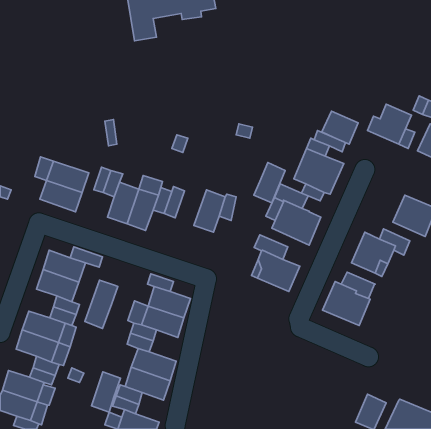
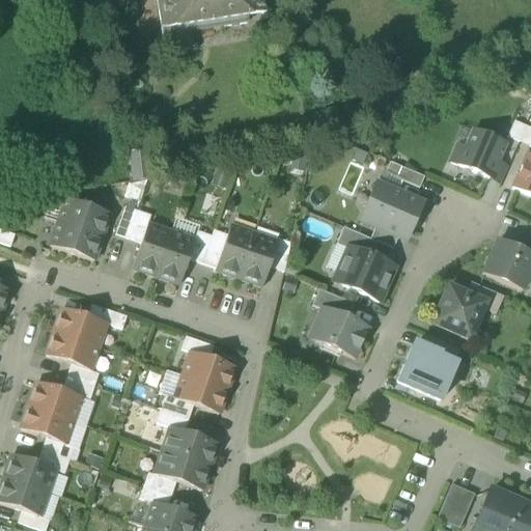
building: [322,111,358,144] -> none
building: [254,162,285,203] -> none
building: none -> [217,225,255,276]
building: [85,280,118,329] -> none
building: [91,372,121,412] -> none

